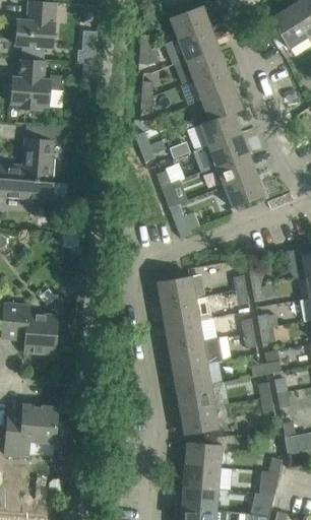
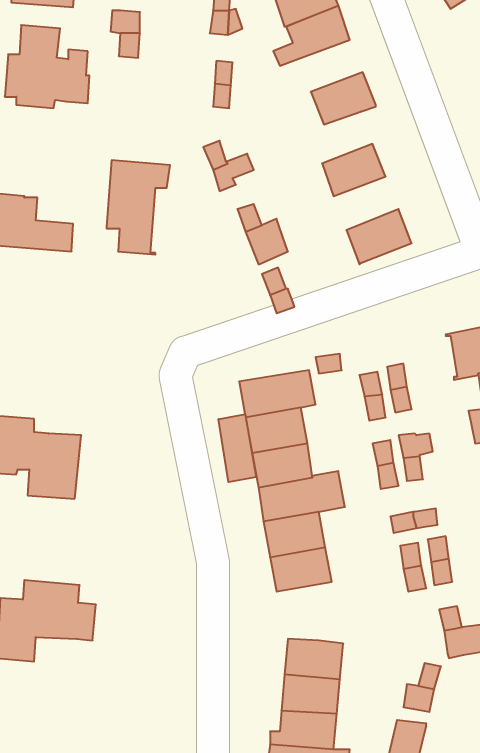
building: [193,68,234,101] -> none
building: [200,113,240,145] -> none
building: [22,124,62,183] -> [107,160,170,255]
building: [215,153,256,187] -> none
building: none -> [219,414,256,482]
building: [180,406,219,435] -> none

